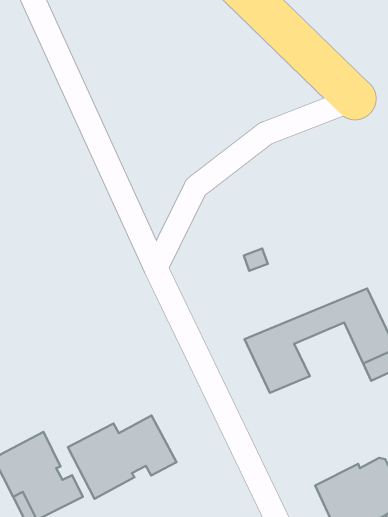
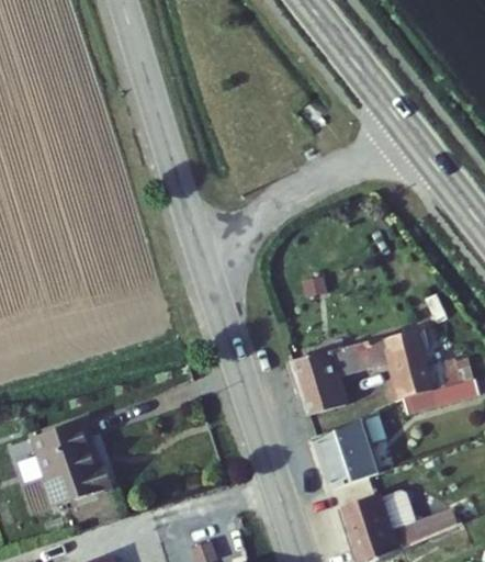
building: none -> [316,411,385,486]
building: [68,416,177,499] -> none

